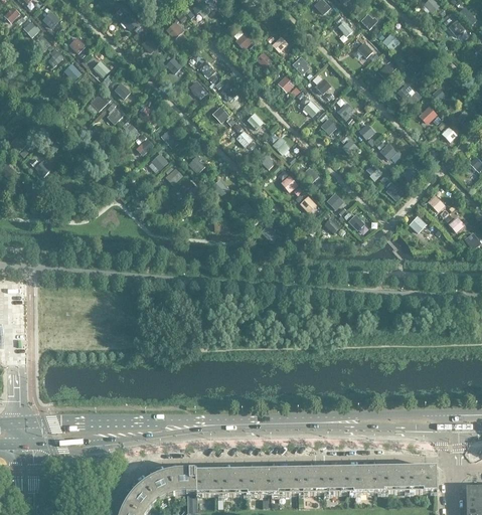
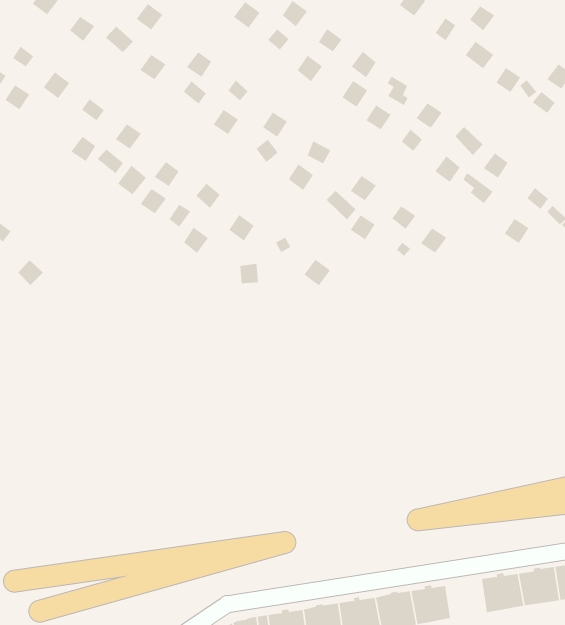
building: [327,468,353,494] -> none

